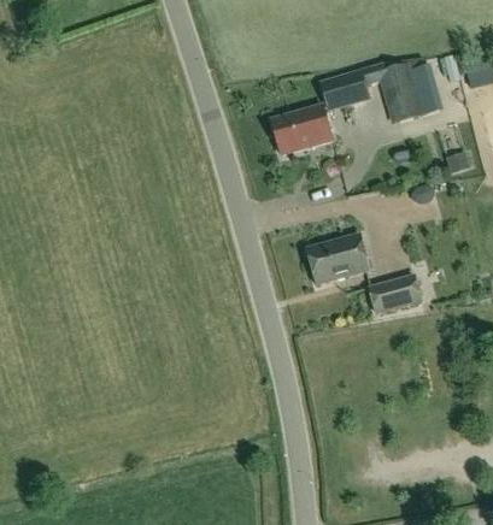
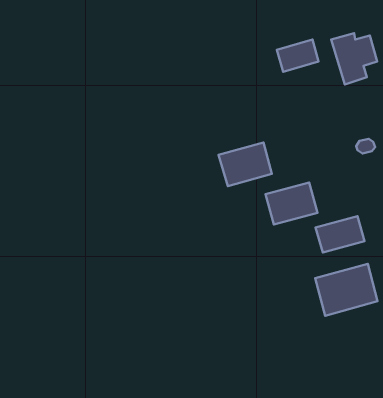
building: [270,104,331,154] -> [219,142,272,186]
building: none -> [315,264,377,316]

